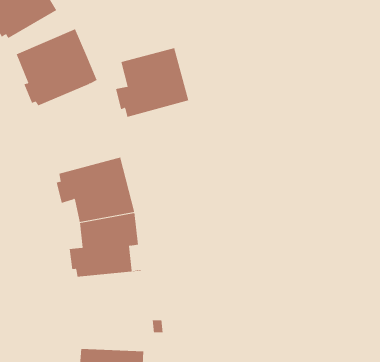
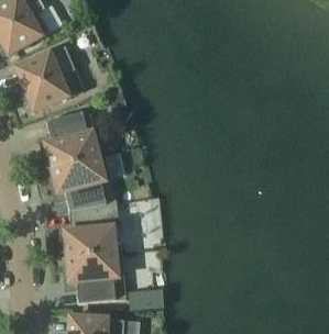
building: [115,47,189,117] -> [42,109,105,168]
building: none -> [64,250,127,302]

